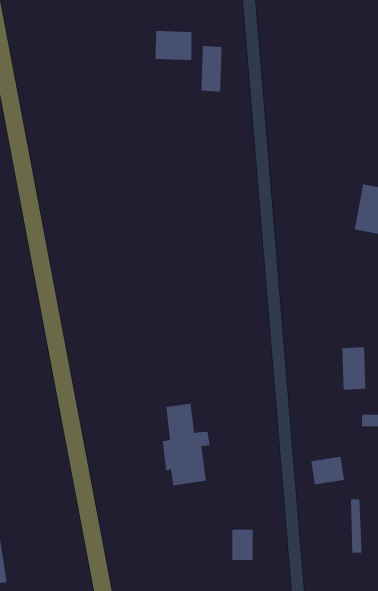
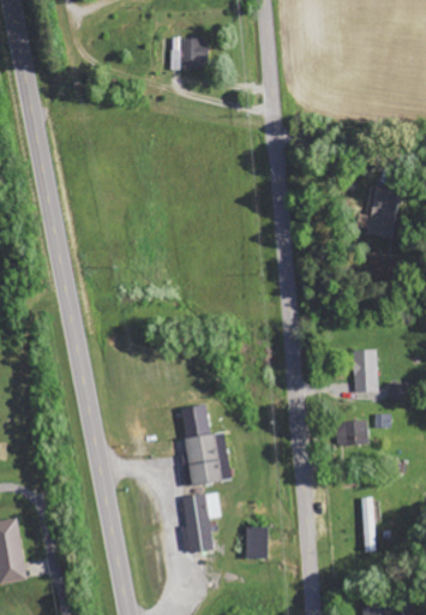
building: [201,45,222,93] -> none
building: [310,456,345,485] -> [336,418,370,447]
building: none -> [181,492,221,553]

